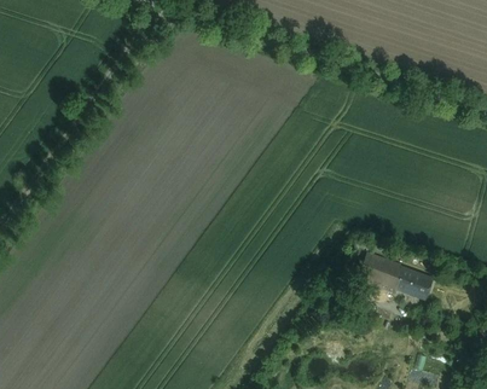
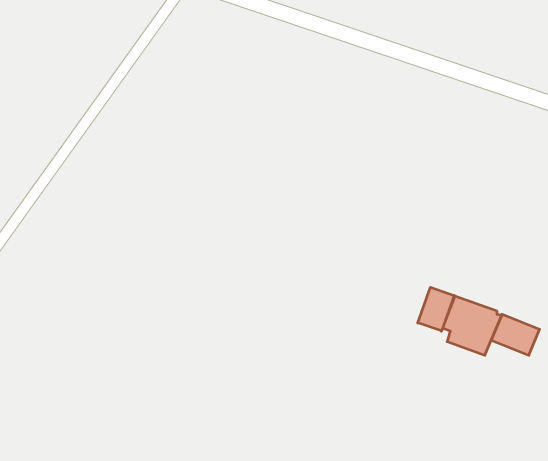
building: none -> [418,287,454,331]

